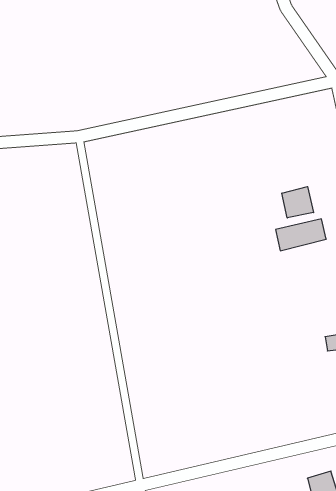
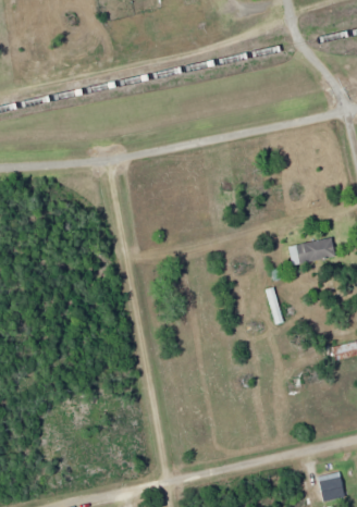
building: [282,187,314,218] -> none

